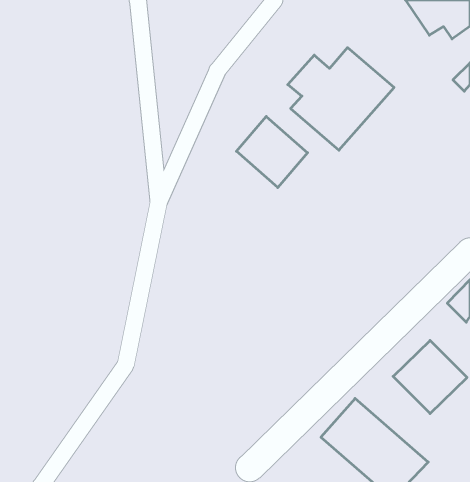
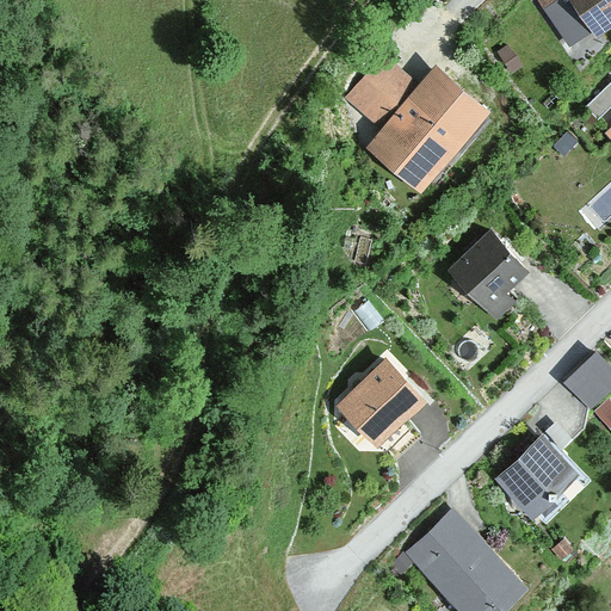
building: [236,116,308,188] -> none
building: none -> [439,228,530,328]
building: none -> [332,357,428,453]

